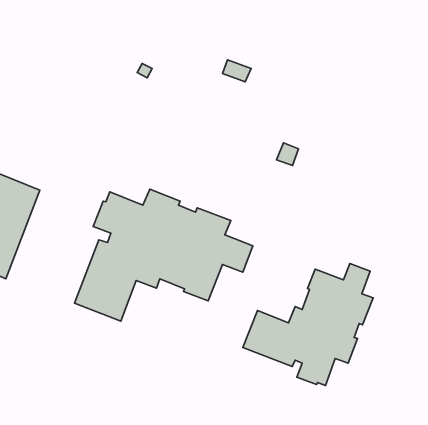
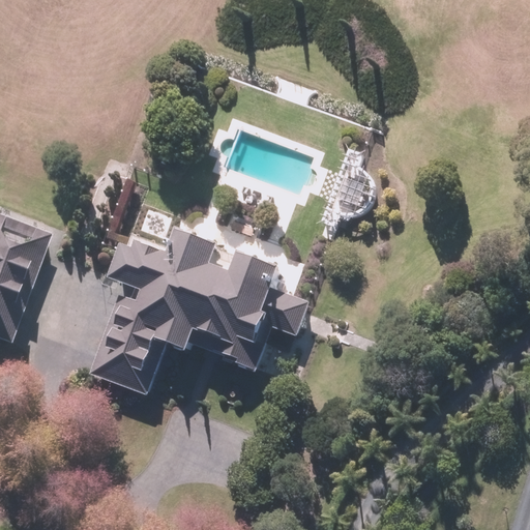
building: [243,264,373,385] -> none

